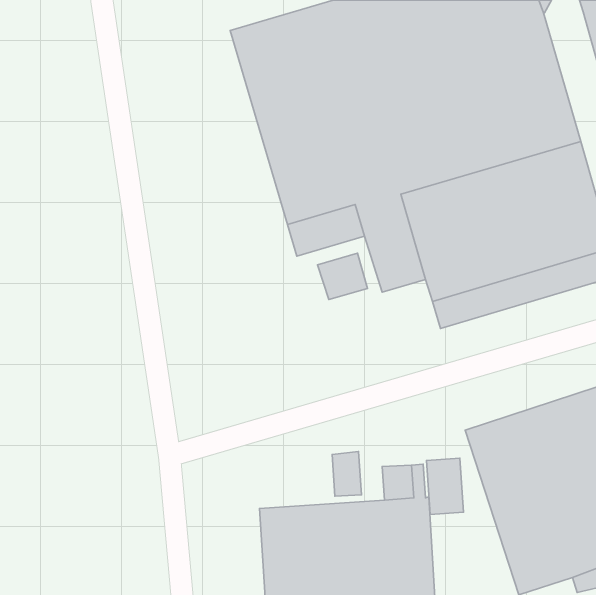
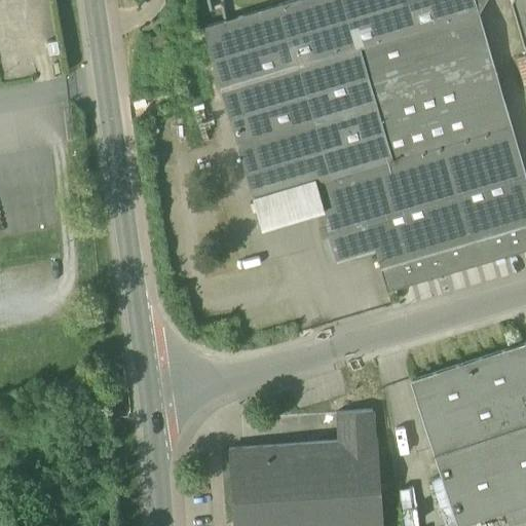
building: [318,253,367,300] -> none
building: [332,451,361,496] -> none
building: [426,458,463,514] -> none

